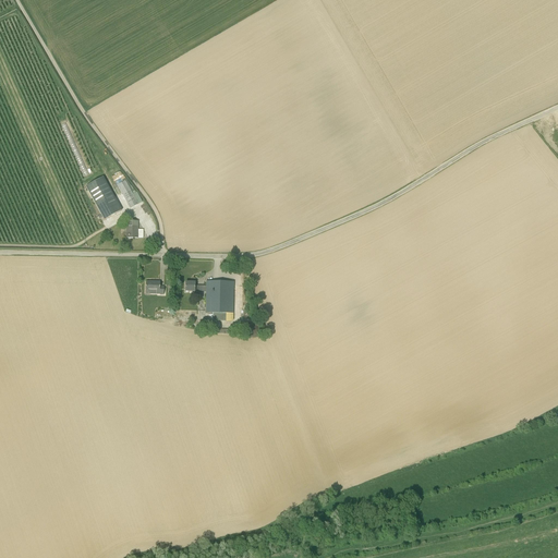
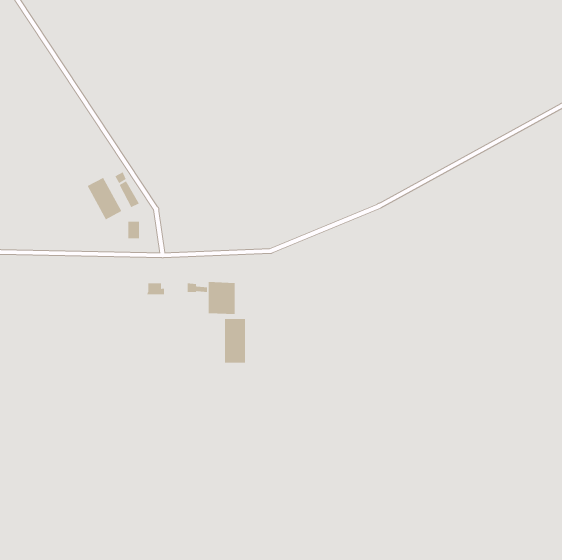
building: none -> [224,318,246,363]

